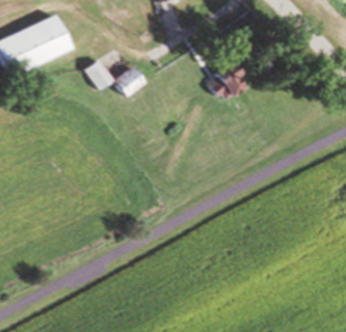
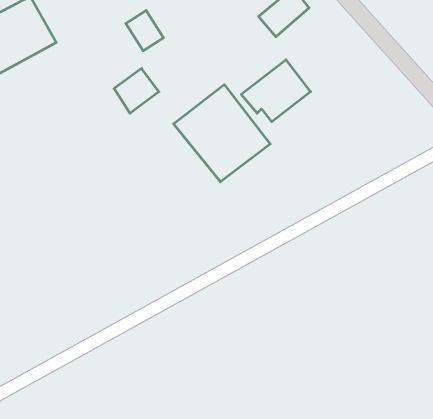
building: [84,59,111,88] -> [126,10,163,51]
building: none -> [174,85,270,182]

